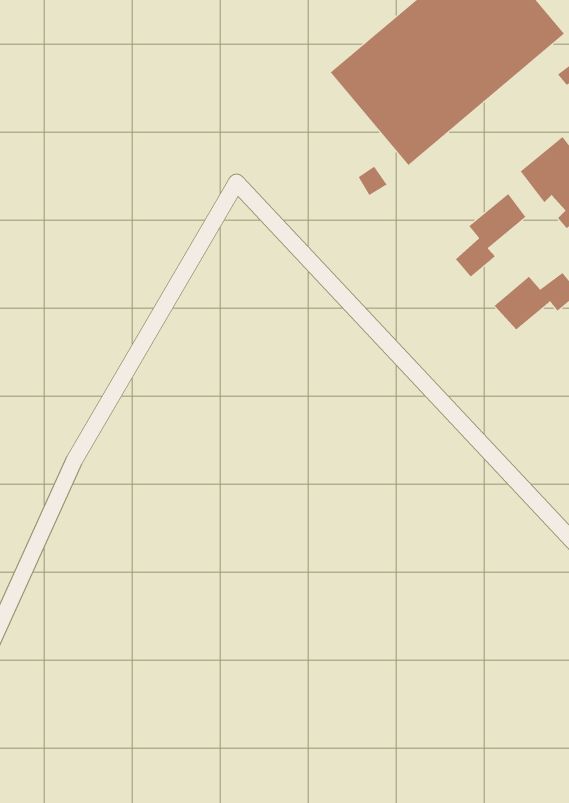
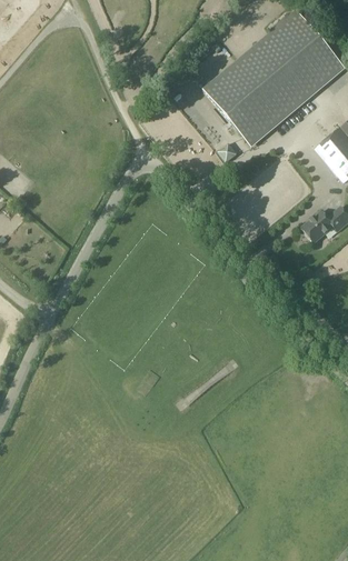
building: [455,193,526,277] -> none

